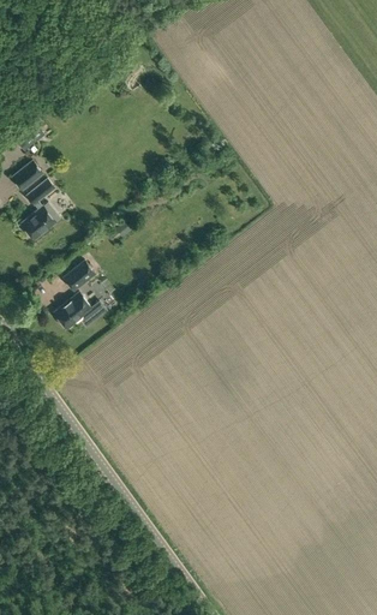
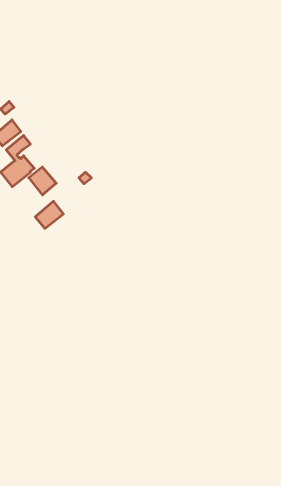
building: none -> [29,167,56,195]
building: [55,292,94,328] -> none

